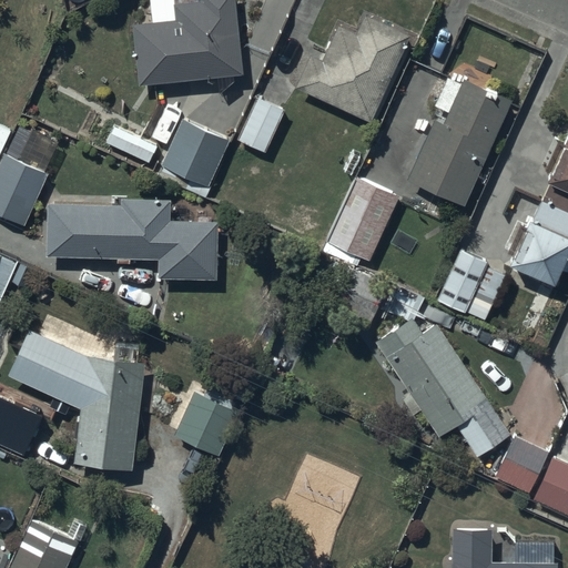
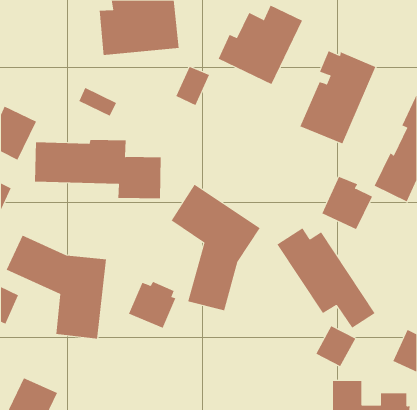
building: [161,120,230,189] -> none
building: [325,178,399,263] -> none
building: none -> [171,184,261,311]
building: [495,438,550,495] -> [315,325,356,367]

